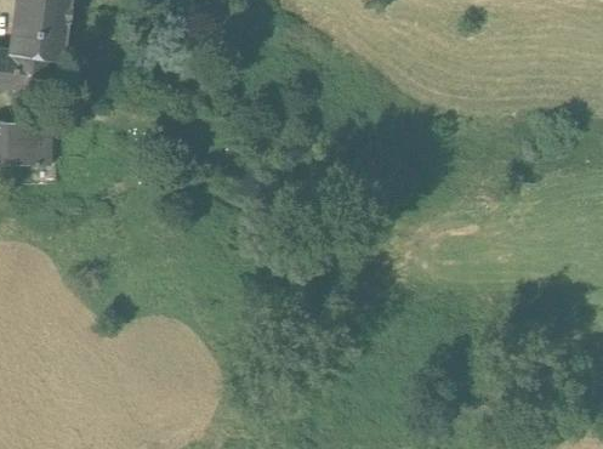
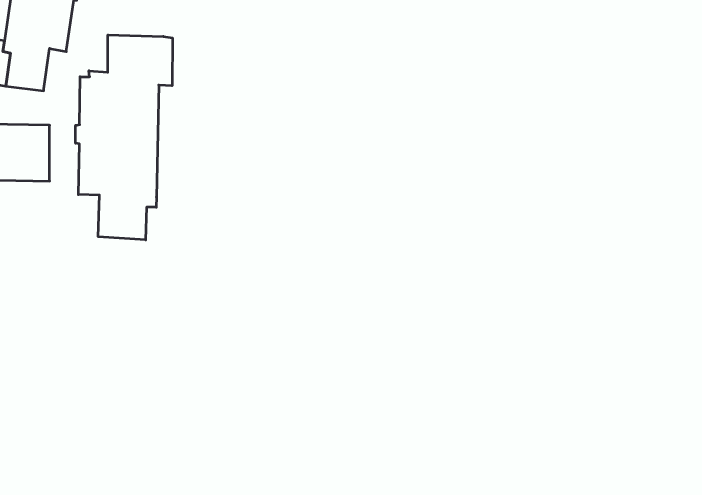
building: none -> [76,35,172,240]

